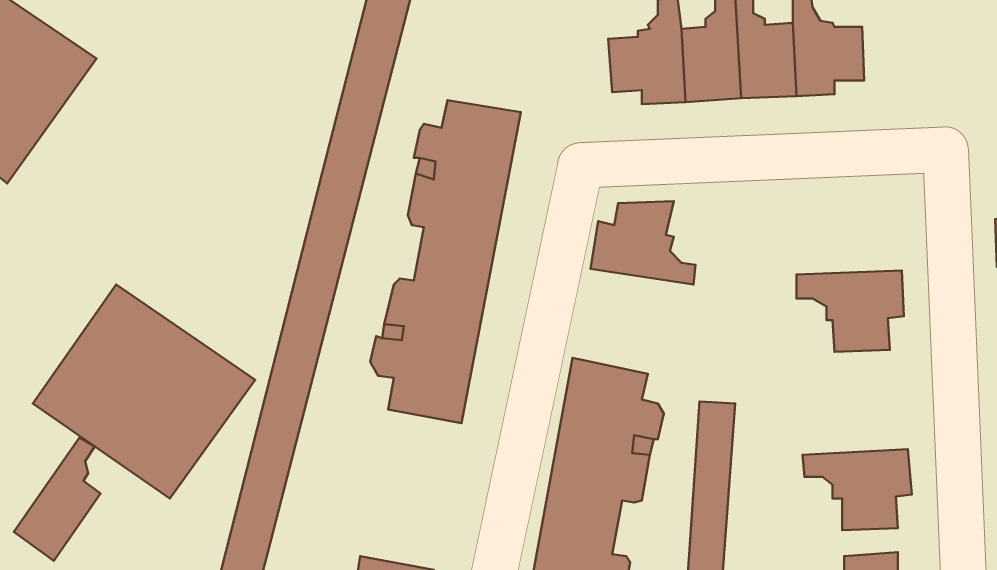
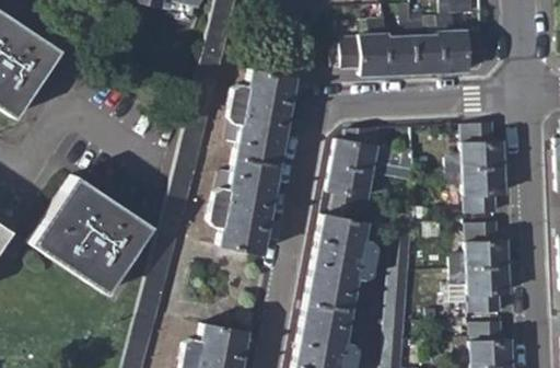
building: none -> [446,124,504,170]
building: none -> [328,166,389,214]
building: none -> [450,225,508,269]
building: [14,437,100,561] -> none

